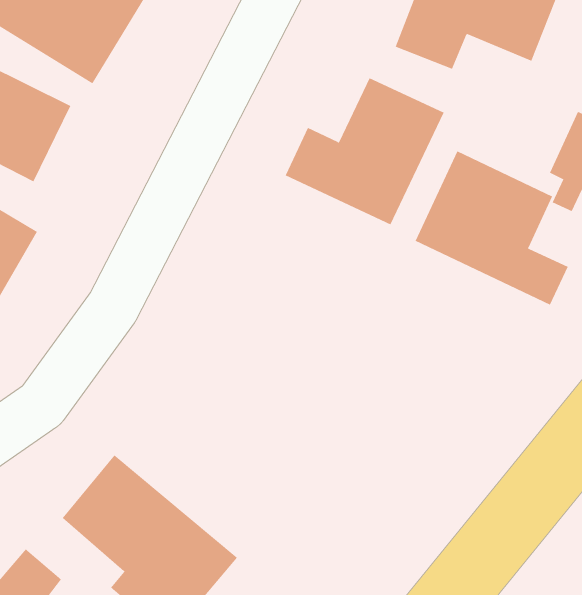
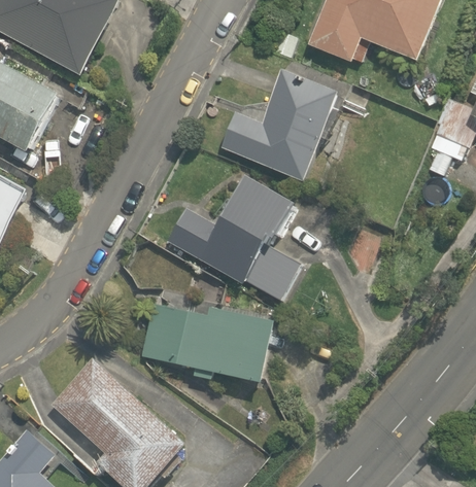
building: [415,150,568,305] -> none
building: none -> [165,175,309,308]
building: none -> [142,294,272,381]

